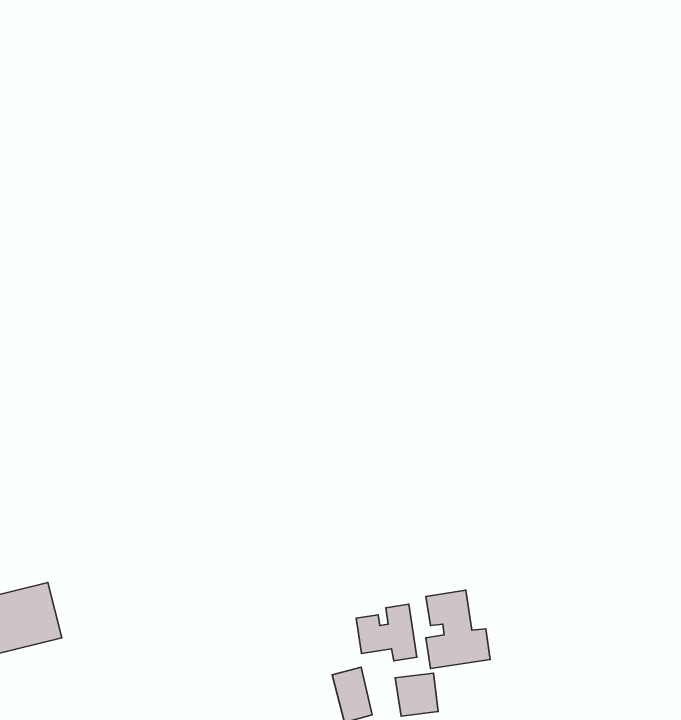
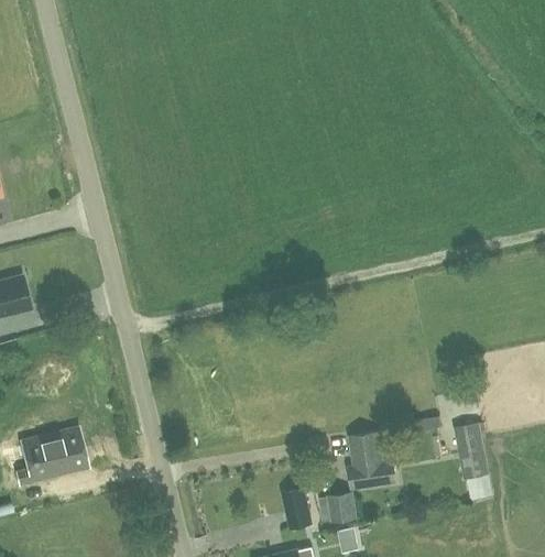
building: none -> [453,424,489,481]
building: [356,604,417,661] -> none

